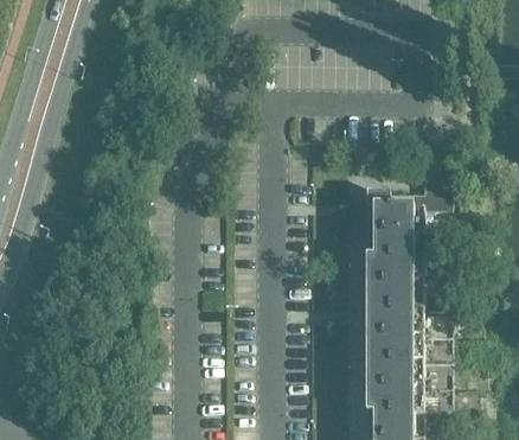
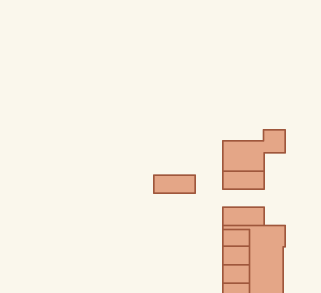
building: [357,268,414,293] -> [154,175,195,193]

